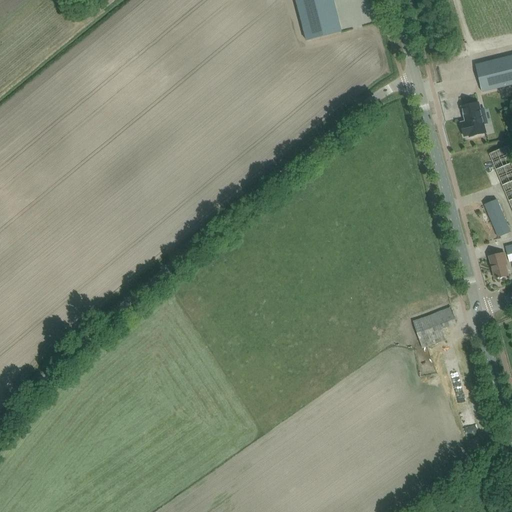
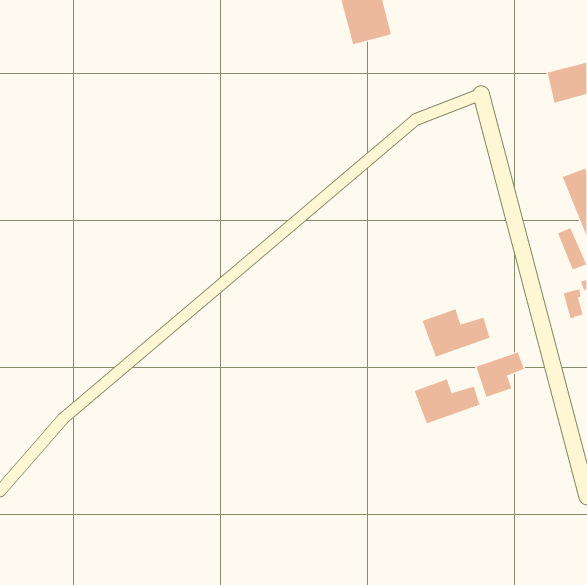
building: [461,101,486,135] -> none
building: none -> [422,308,490,358]
building: none -> [414,379,480,424]

